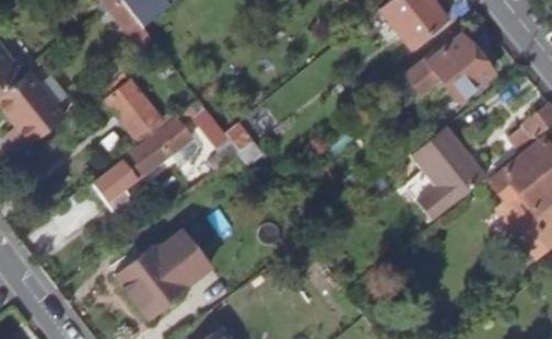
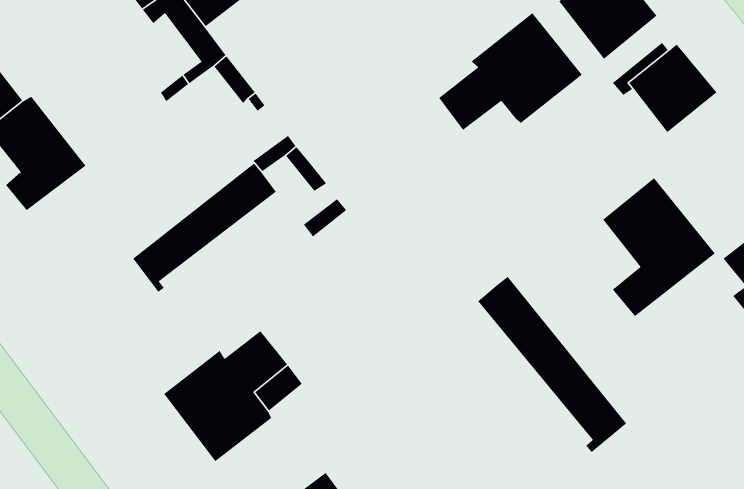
building: none -> [438,12,583,131]
building: [107,79,162,137] -> none
building: none -> [477,276,627,453]

